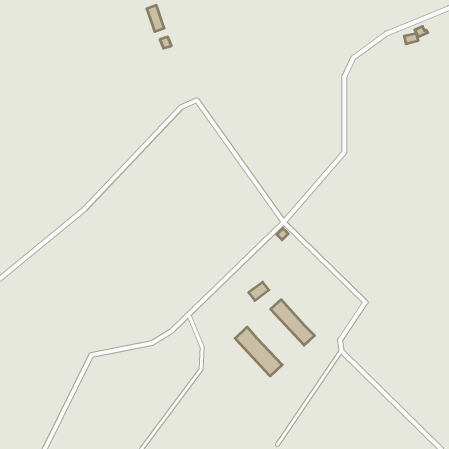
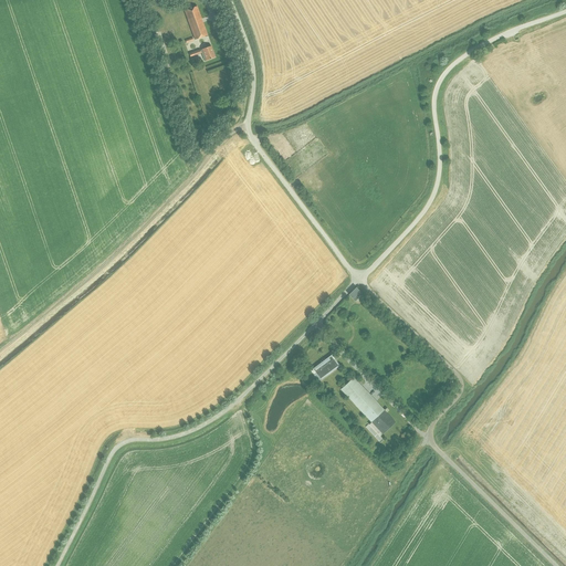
building: [235,327,282,376] -> none

